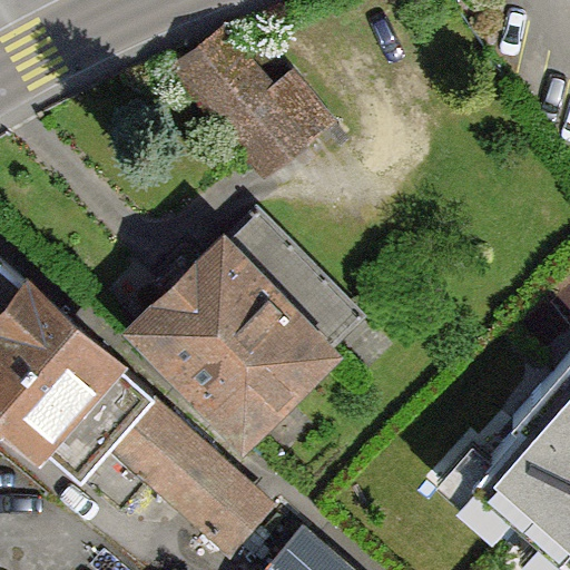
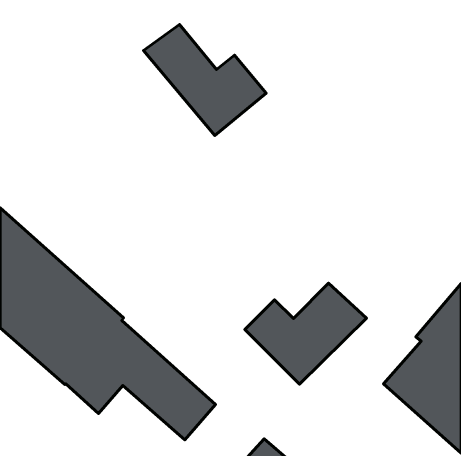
building: [137,213,347,435] -> none
building: none -> [245,283,366,384]

